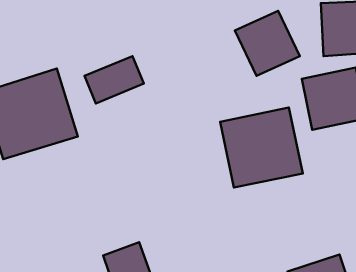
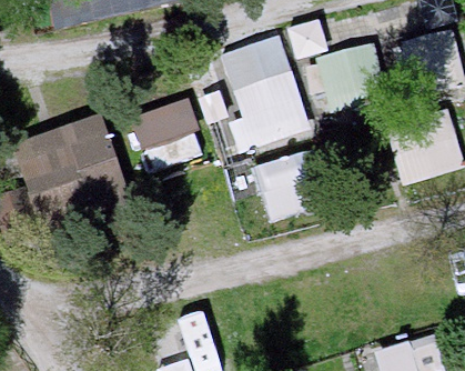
building: none -> [222,36,305,146]
building: [220,107,303,187] -> none

